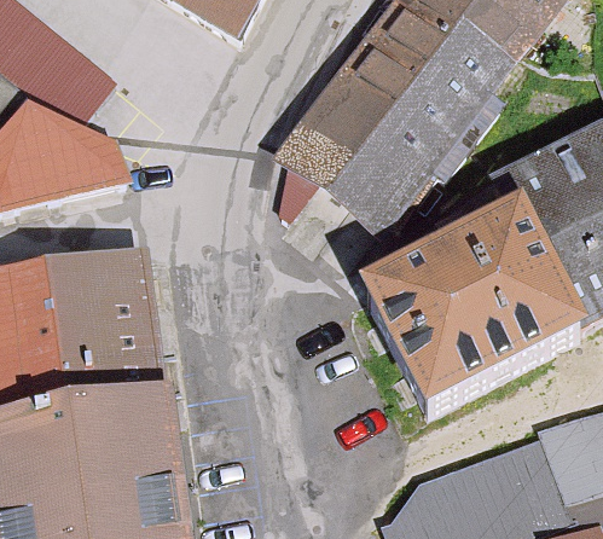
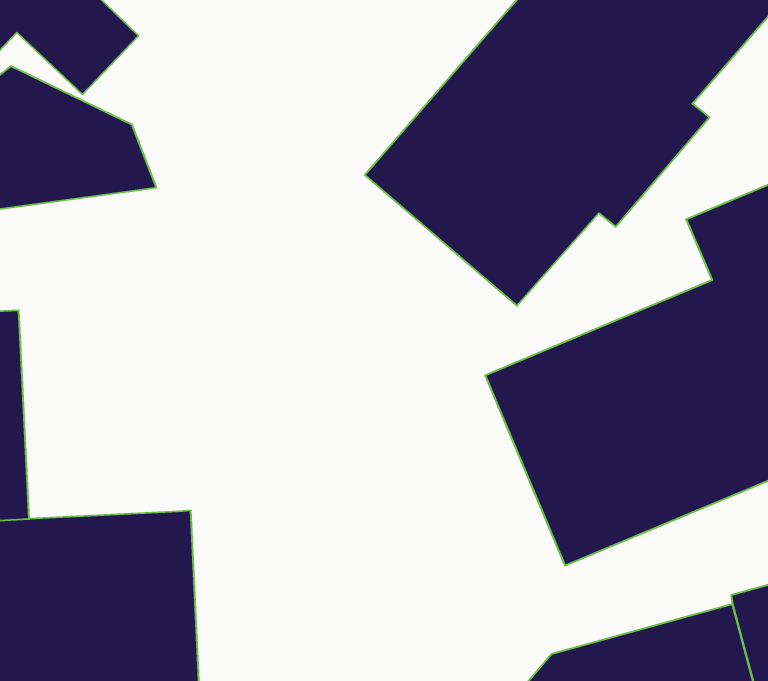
building: [46,260,163,412] -> none

